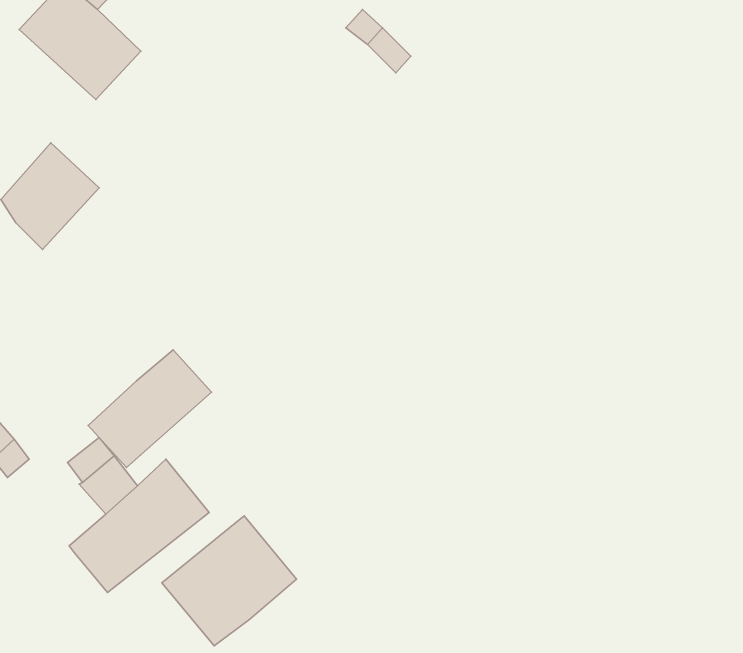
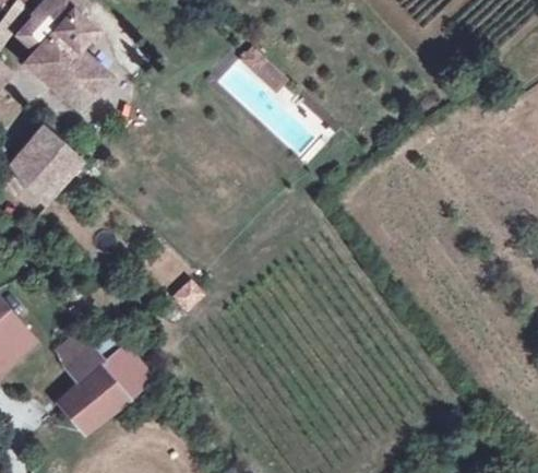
building: [88,350,212,468] -> none
building: [162,516,296,646] -> none

